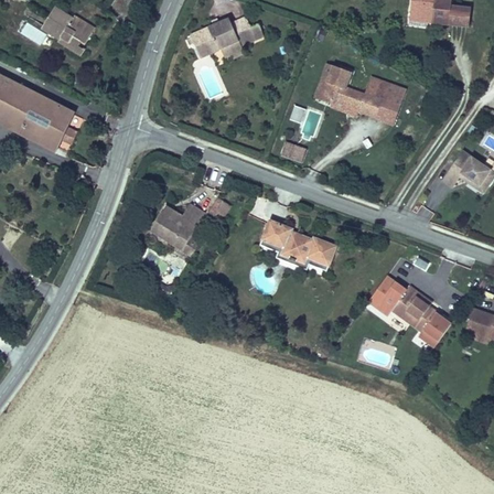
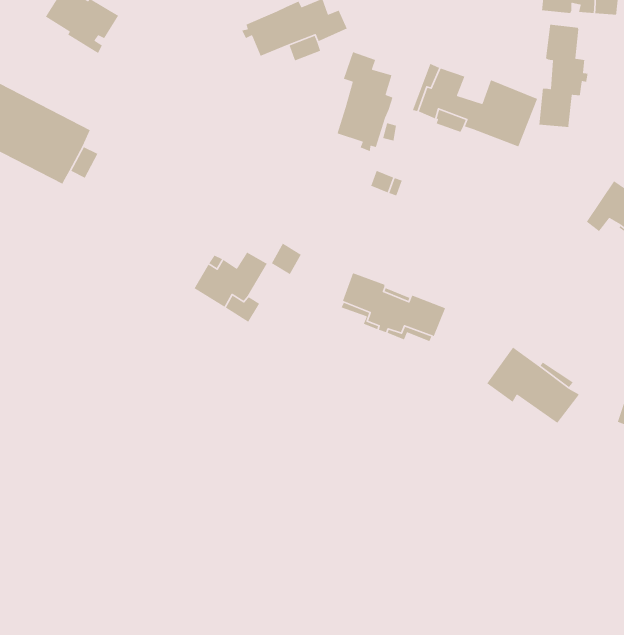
building: none -> [539,24,588,128]
building: none -> [337,51,394,152]
building: [417,310,451,345] -> none

